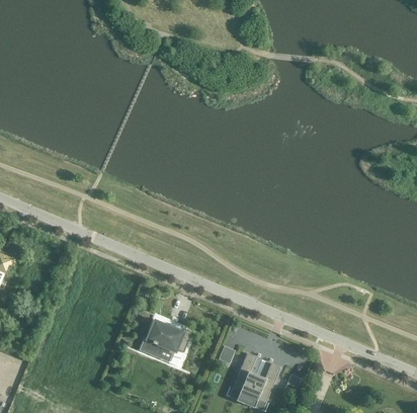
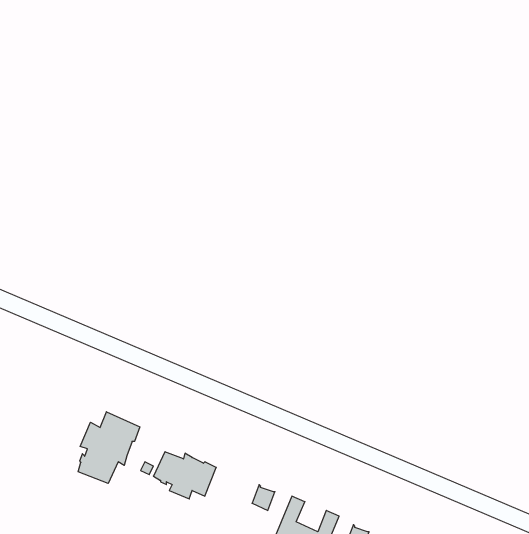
building: none -> [78,412,140,483]

